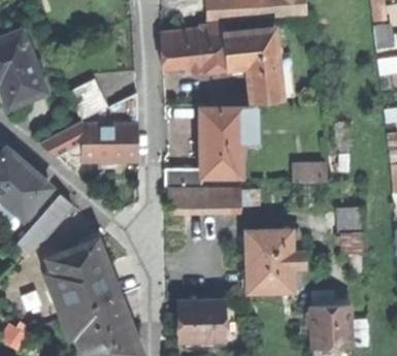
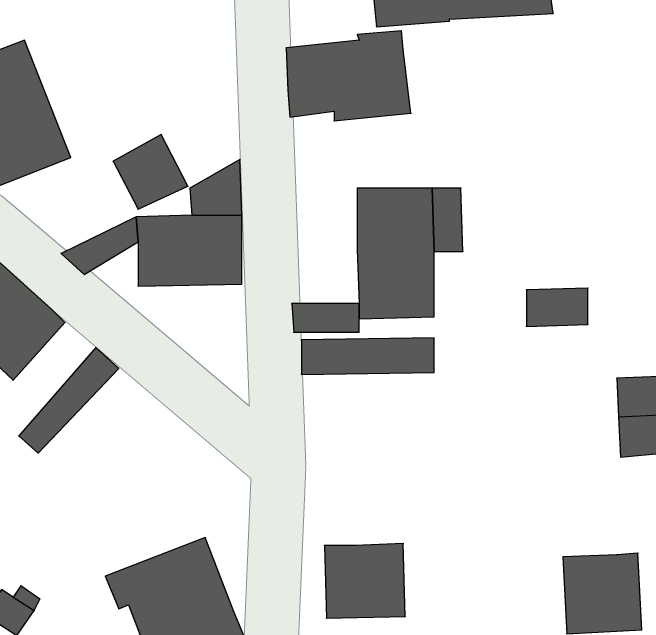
building: [224,29,294,102] -> none
building: [246,230,302,291] -> none
building: [47,239,118,317] -> none

